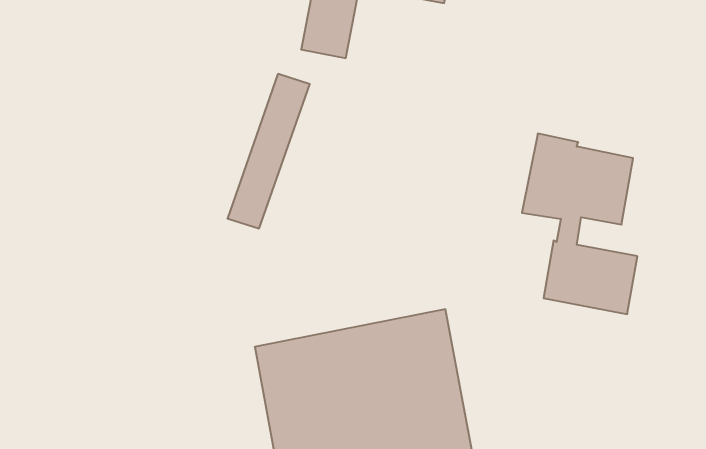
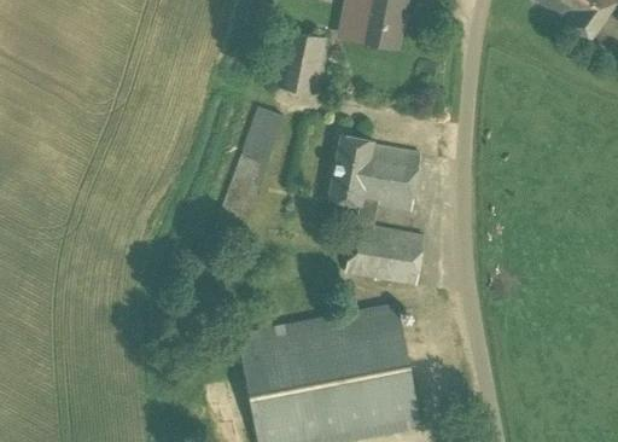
building: [522,134,637,314] -> [327,134,424,285]

